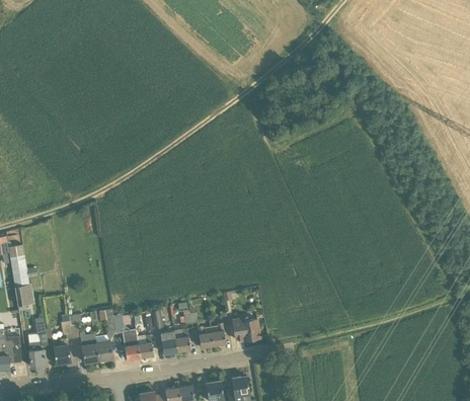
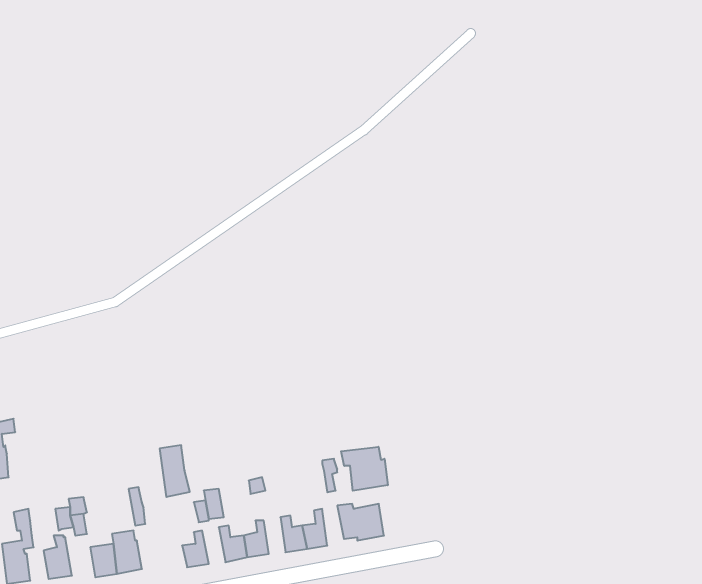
building: none -> [341,447,388,491]
building: [123,329,141,360] -> [160,445,190,497]

